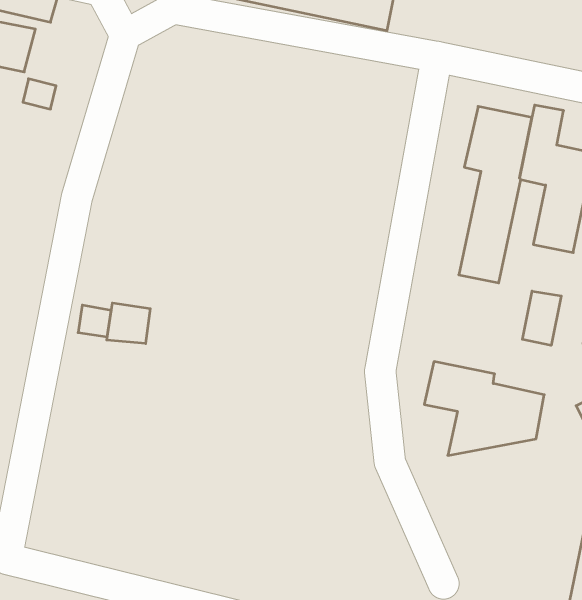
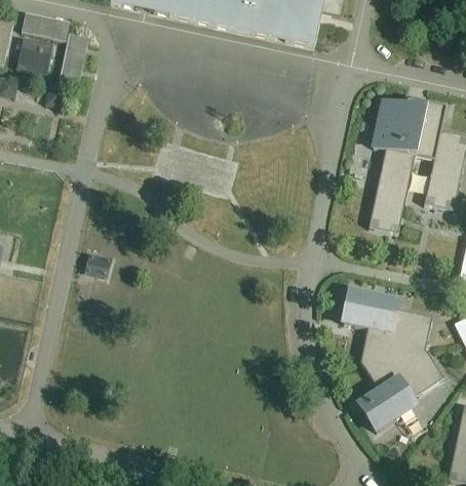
building: none -> [60,33,87,81]
building: [522,291,561,345] -> none
building: [107,303,150,344] -> none
building: none -> [358,350,444,432]

